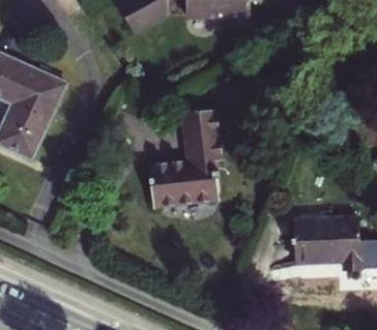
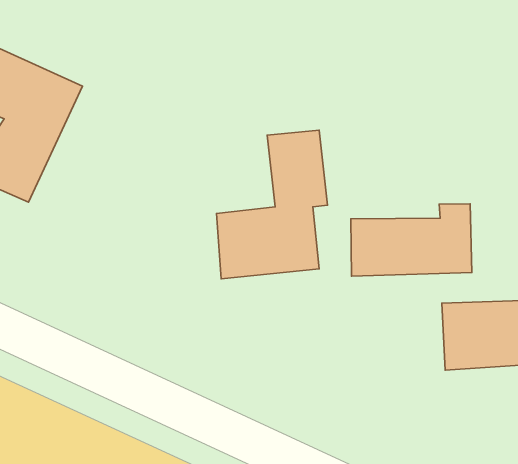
building: none -> [351,204,472,276]

